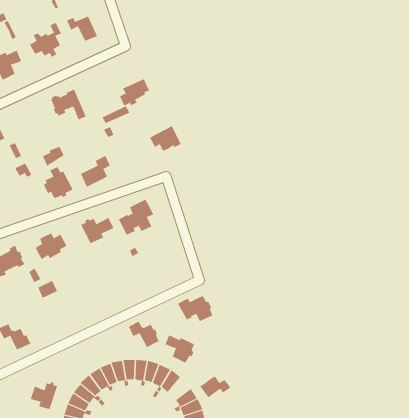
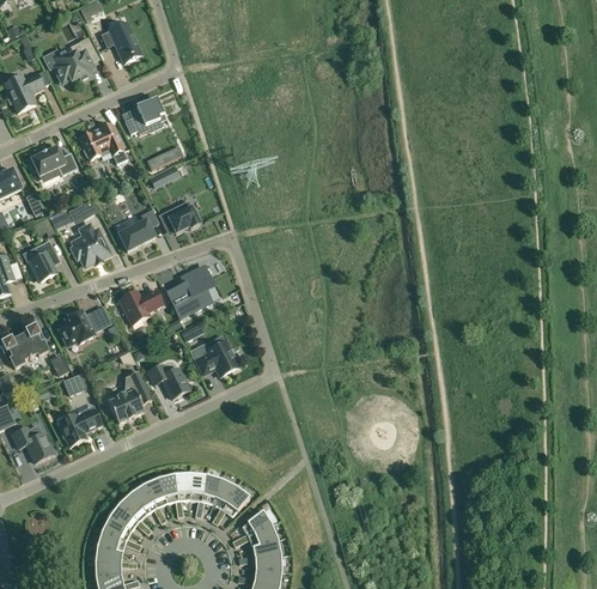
building: [119,78,150,106] -> [124,97,164,133]
building: none -> [29,145,77,175]
building: [149,126,181,151] -> [158,199,200,232]
building: none -> [29,239,60,280]
building: none -> [108,370,151,423]
building: [177,295,213,322] -> [191,340,238,375]
building: none -> [59,408,102,445]
building: [128,321,159,348] -> [148,363,189,397]
building: [165,335,195,363] -> none
building: [200,376,231,398] -> none
building: [30,382,58,410] -> none

